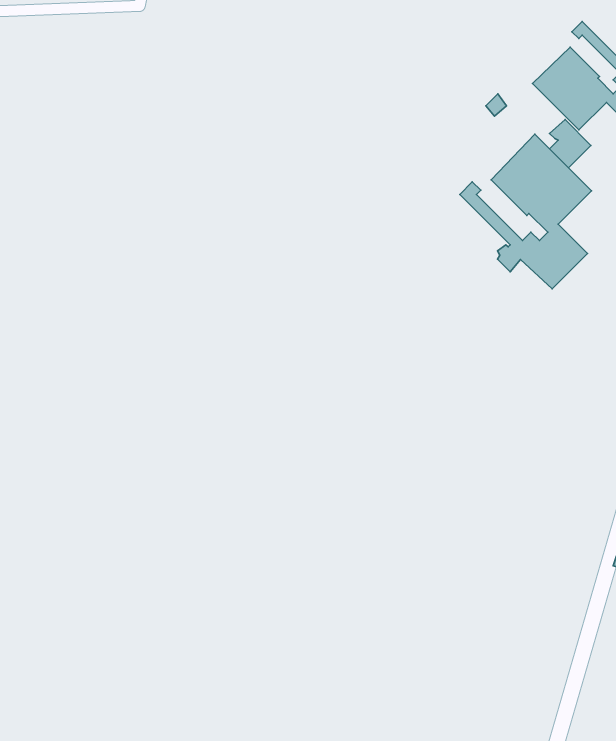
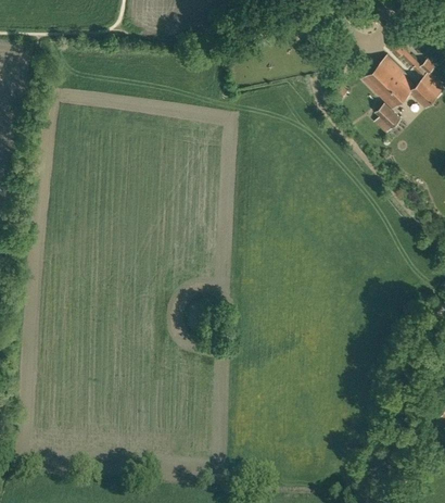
building: [460,134,591,289] -> none

